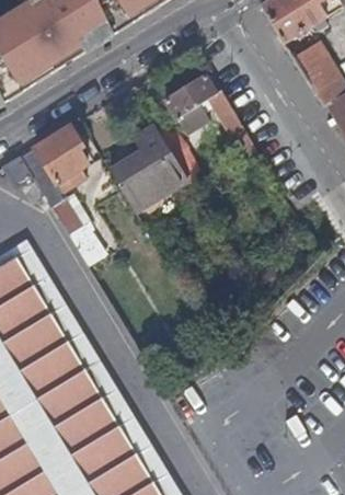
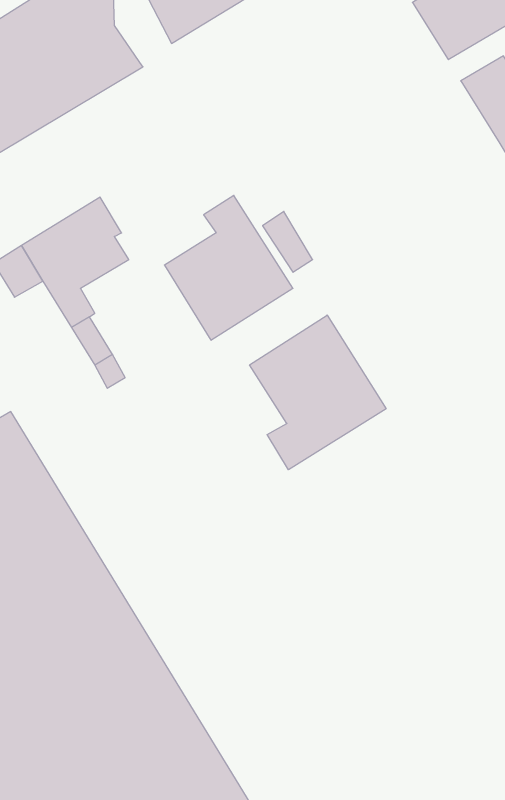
building: [164,72,253,147] -> none
building: none -> [250,315,386,470]

